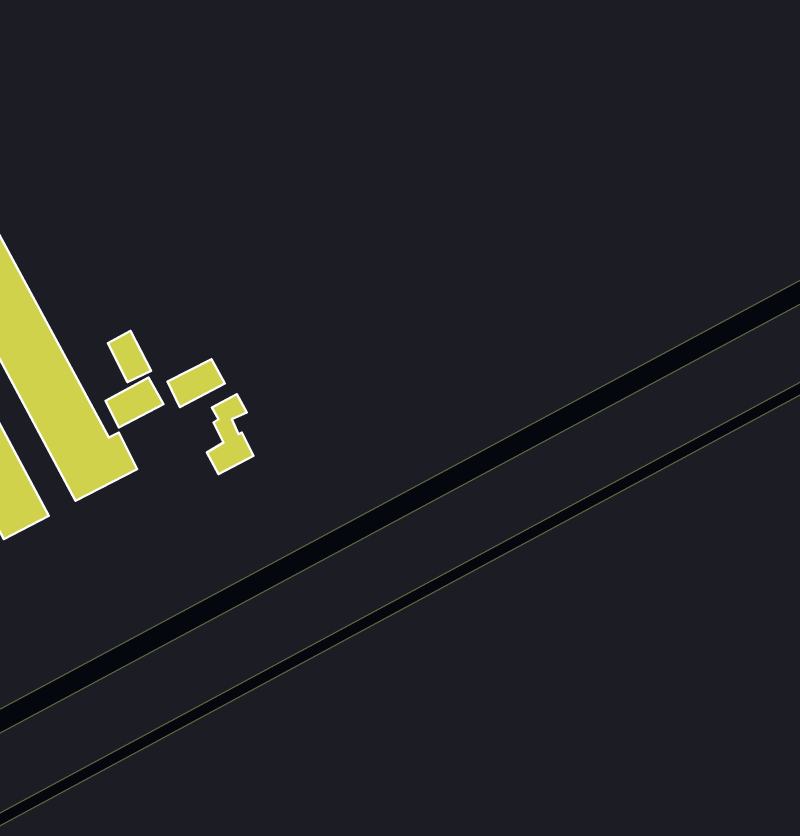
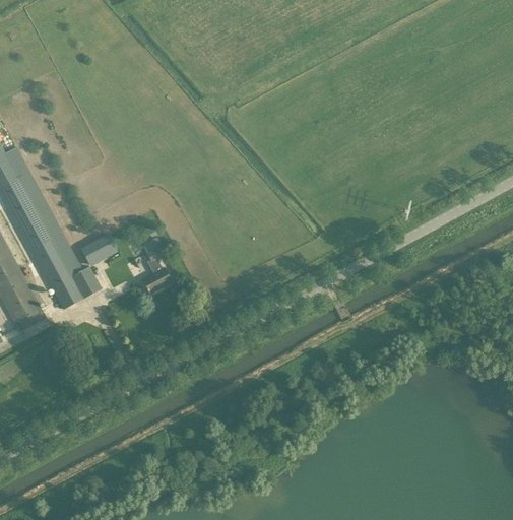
building: [108,331,151,382] -> none
building: [167,359,225,407] -> none

